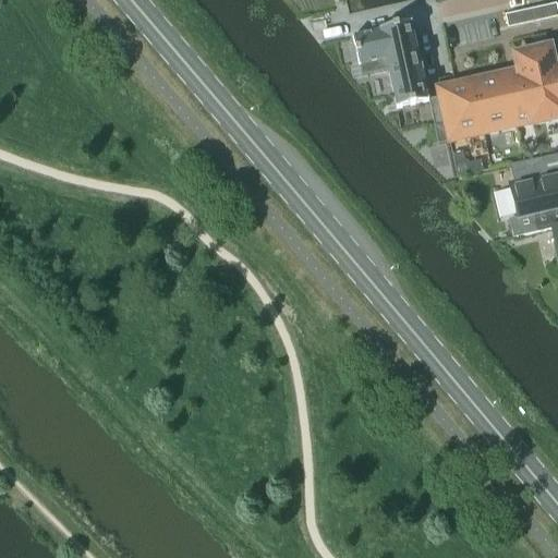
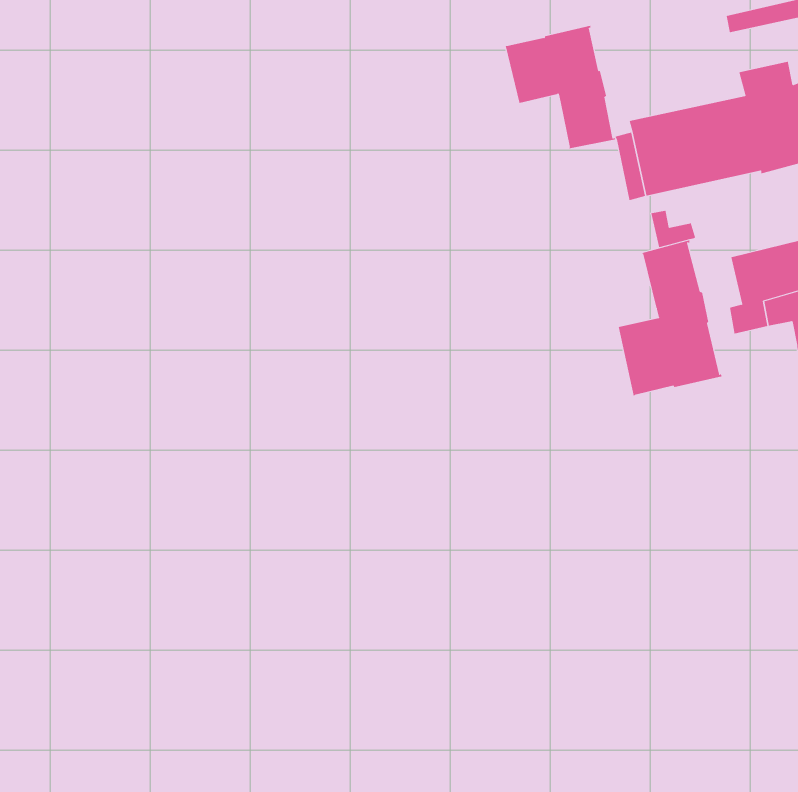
building: none -> [618,240,723,397]

